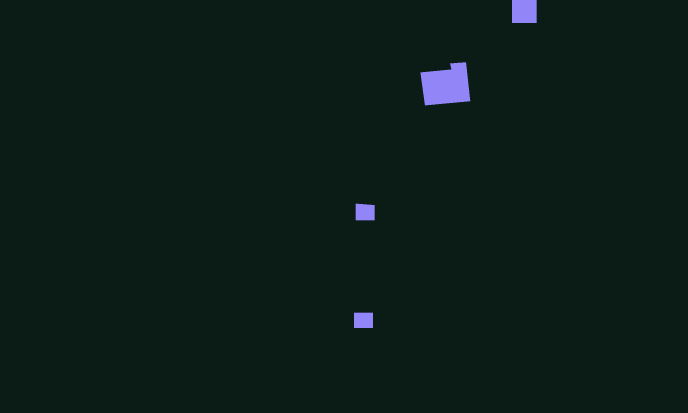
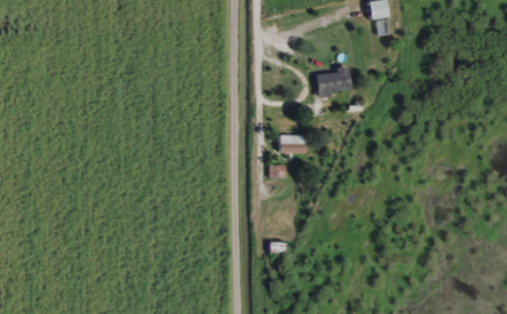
building: none -> [279,134,306,152]

